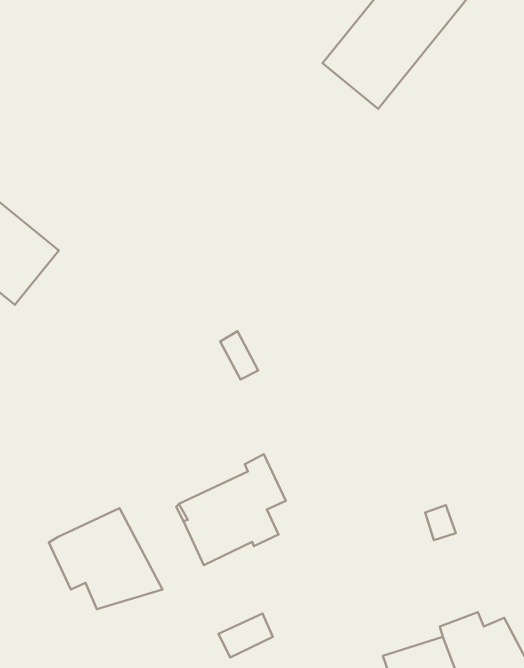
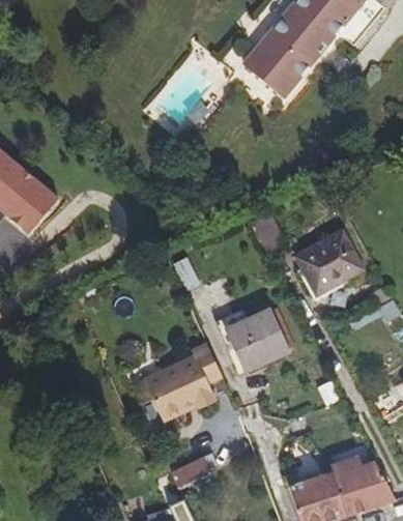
building: none -> [295,229,363,293]
building: none -> [224,307,290,371]
building: [49,508,162,609] -> none

